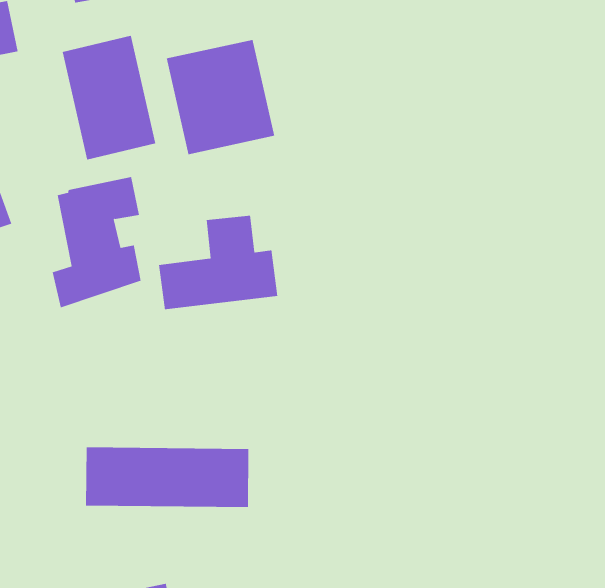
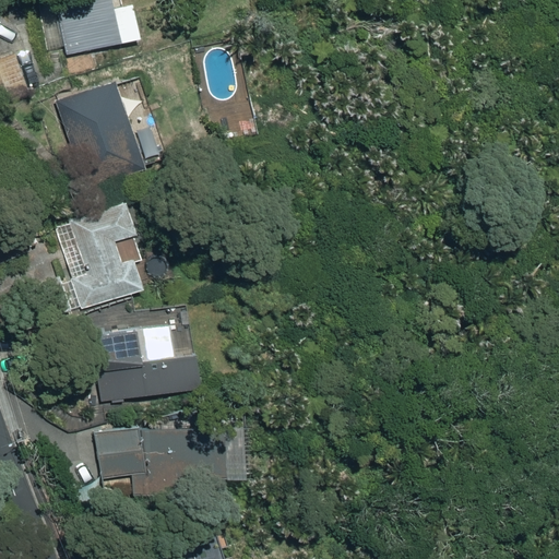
building: [166,39,275,155] -> none
building: [158,215,278,310] -> [97,321,200,407]

